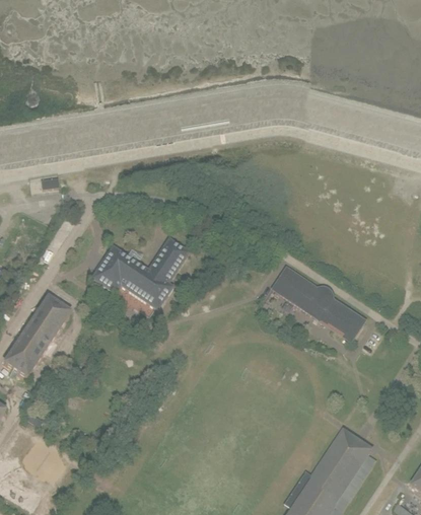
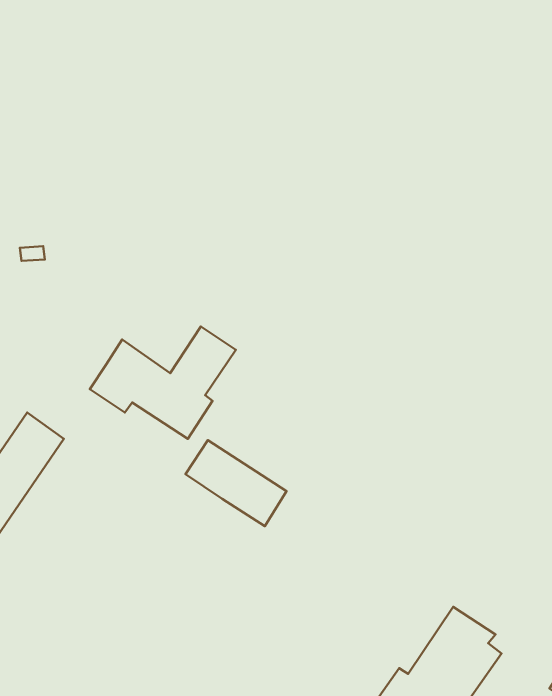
building: [270,265,366,342] -> none
building: none -> [186,440,287,526]

